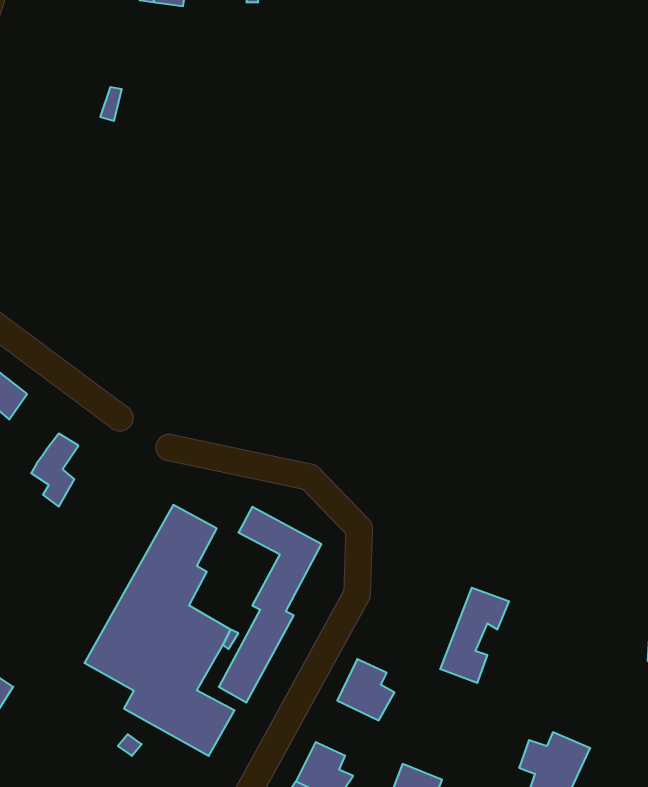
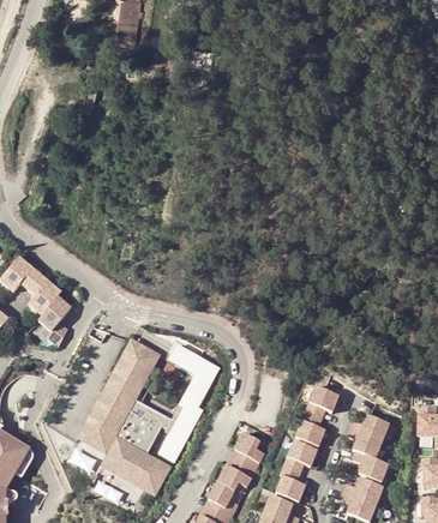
building: none -> [30,275,64,317]
building: none -> [344,417,386,483]
building: none -> [275,445,313,504]
building: none -> [216,461,254,494]

